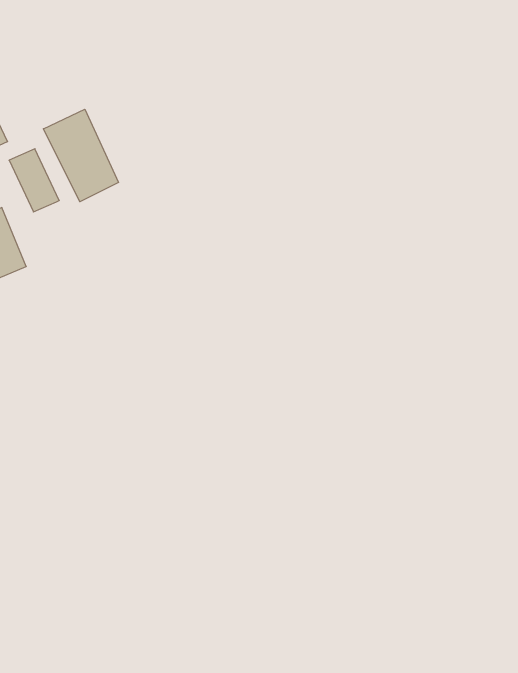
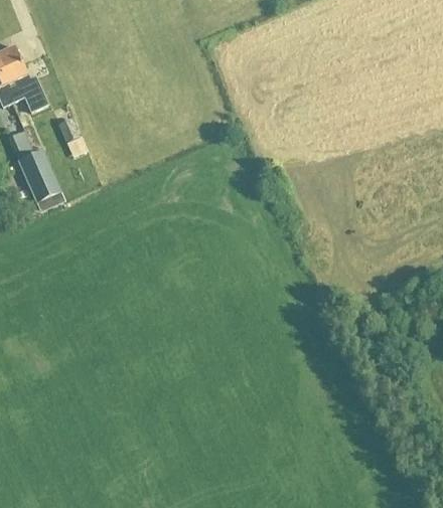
building: [43,109,119,202] -> none

